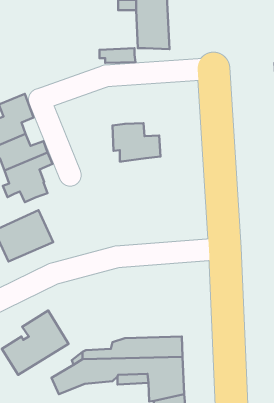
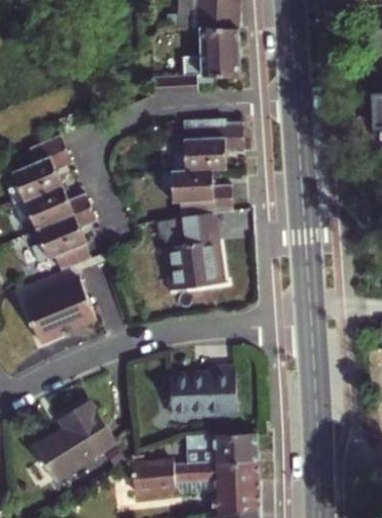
building: none -> [183,118,245,170]
building: none -> [164,212,218,292]
building: none -> [172,366,237,416]

